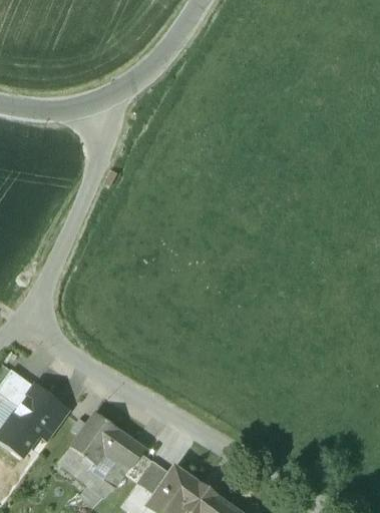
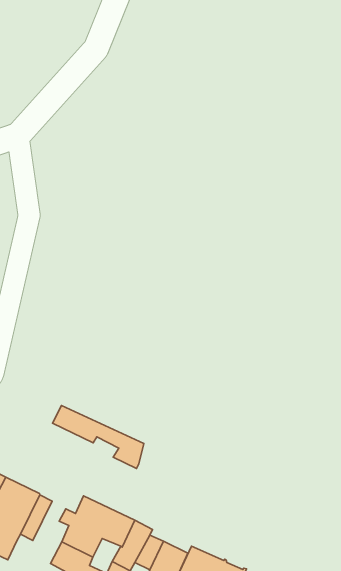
building: none -> [53,406,144,468]

